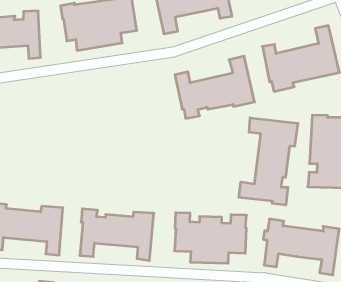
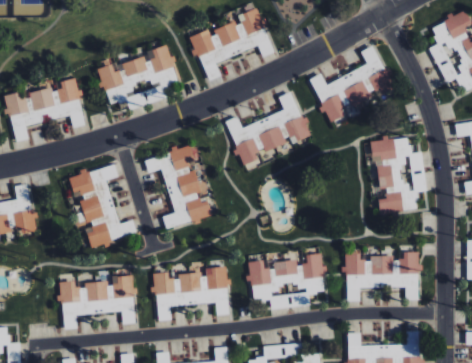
building: none -> [144,143,212,228]
building: none -> [68,164,136,246]
building: [239,118,298,205] -> none

